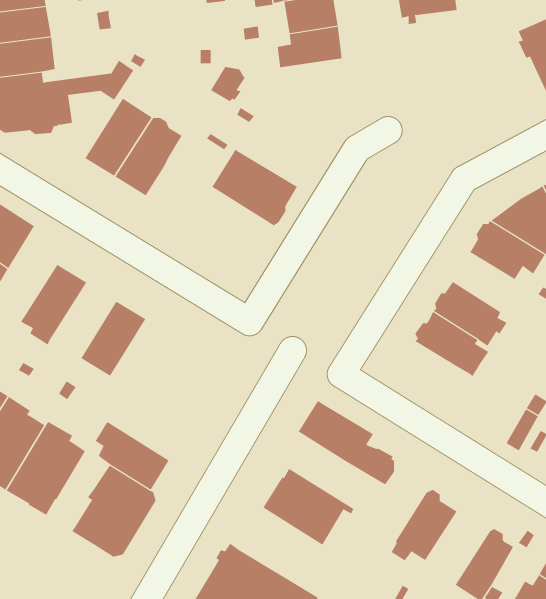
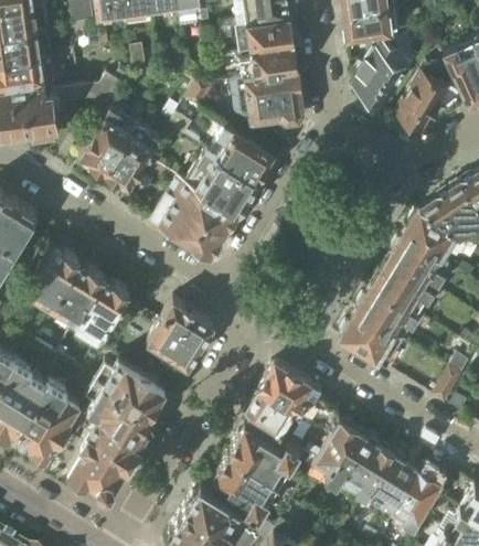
building: none -> [351,44,412,109]
building: none -> [395,65,454,132]
building: none -> [228,75,301,124]
building: none -> [207,126,274,183]
building: none -> [145,160,237,261]
building: none -> [387,238,446,288]
building: none -> [49,264,104,328]
building: none -> [147,301,213,374]
building: none -> [339,313,403,371]
building: none -> [96,357,163,414]
building: none -> [243,389,304,441]
building: none -> [310,424,365,486]
building: none -> [207,453,278,523]
building: none -> [365,456,418,524]

